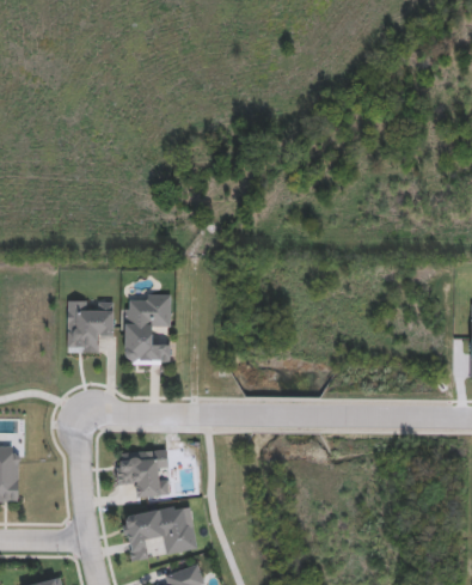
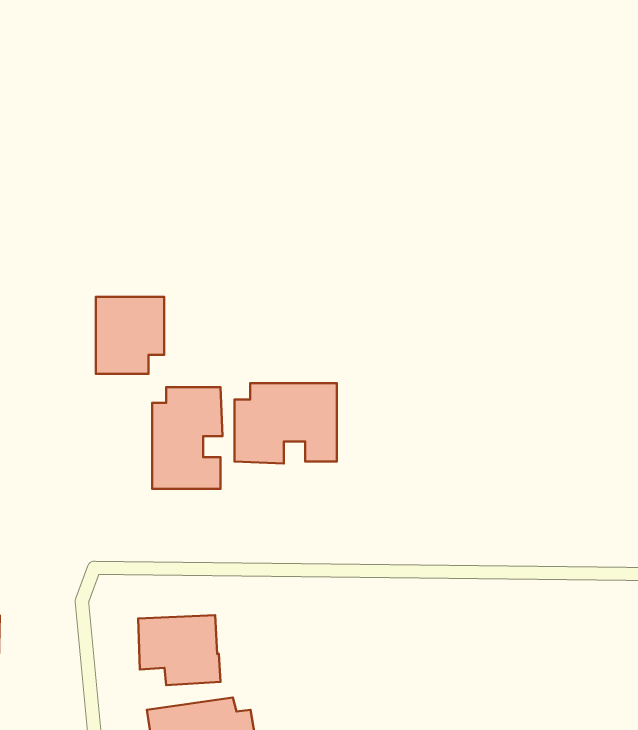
building: none -> [234,383,337,464]
building: [67,300,114,353] -> [96,297,164,374]

